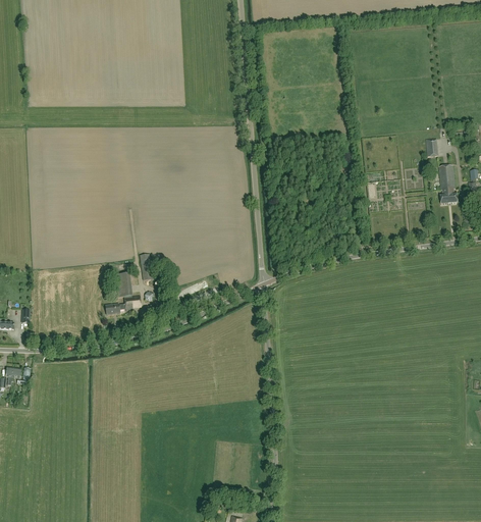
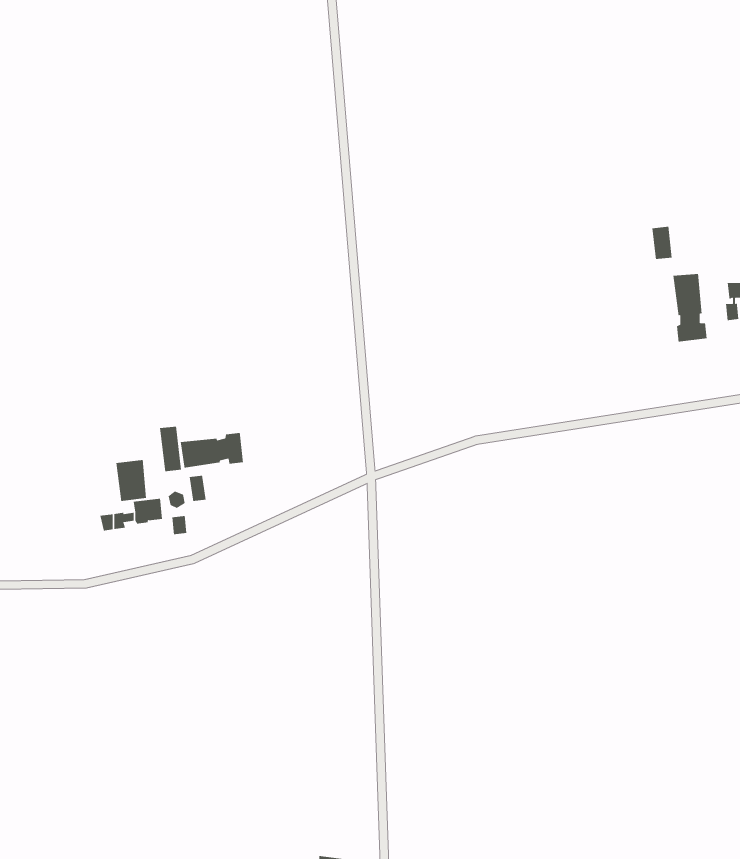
building: none -> [180,432,244,468]

